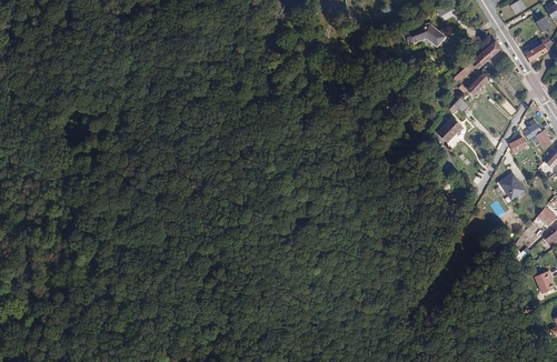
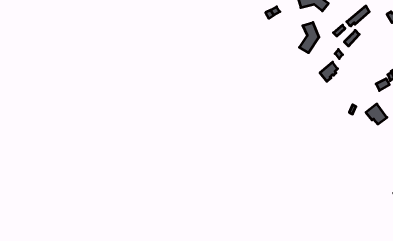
building: none -> [299,22,319,53]

